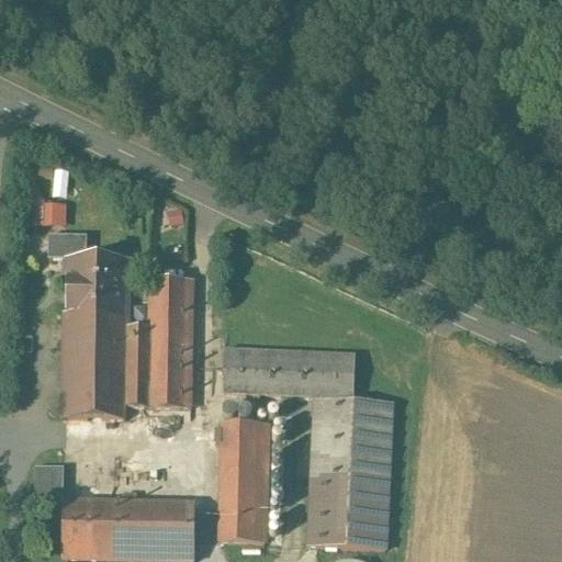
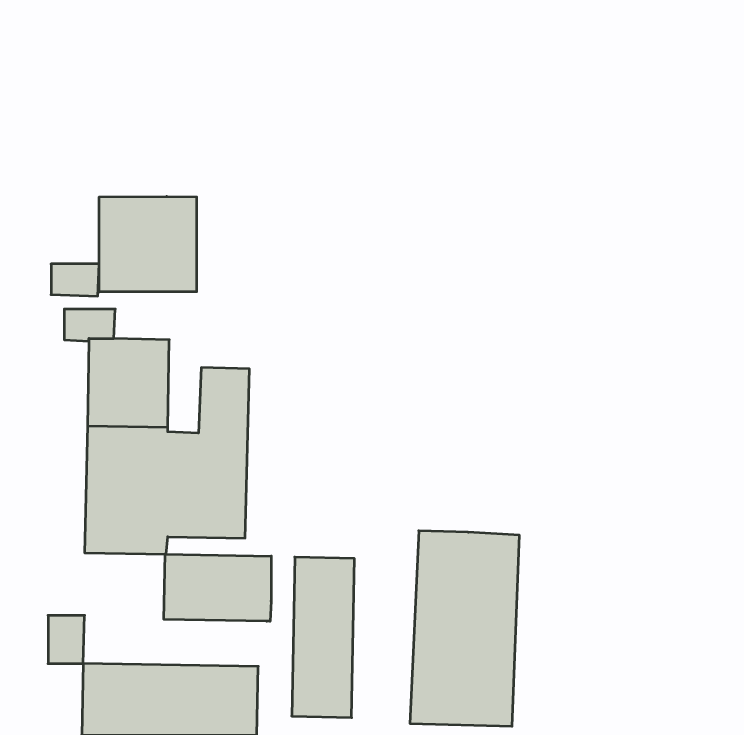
building: none -> [99,196,197,292]
building: [224,349,356,401] -> none
building: none -> [164,554,271,621]

